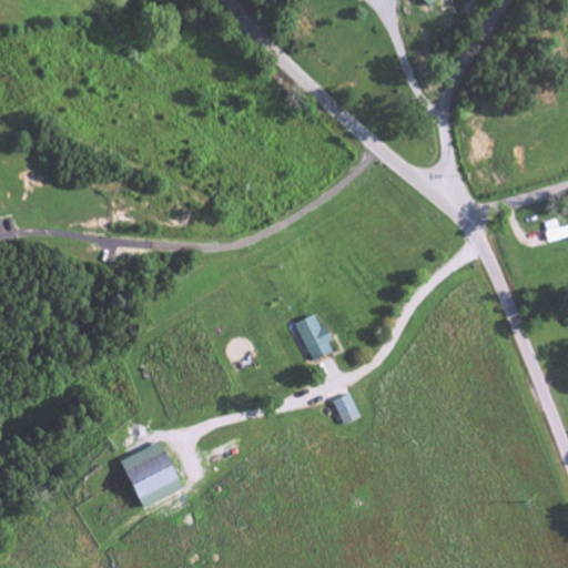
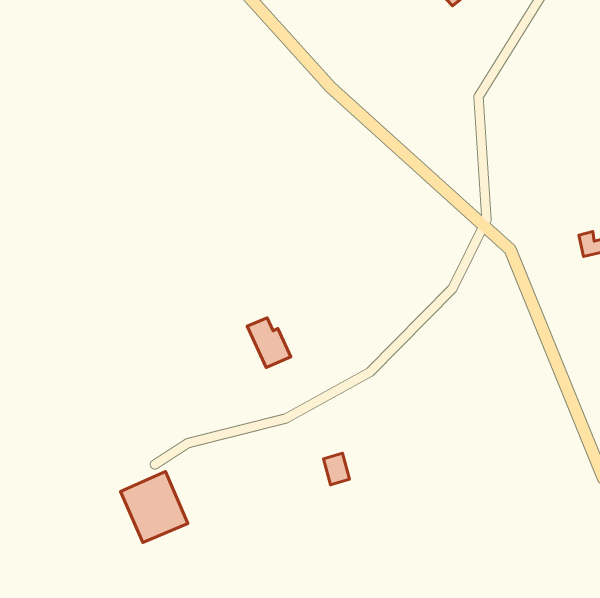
building: [295,314,336,361] -> [247,318,291,368]
building: [335,393,359,423] -> [323,453,349,485]

